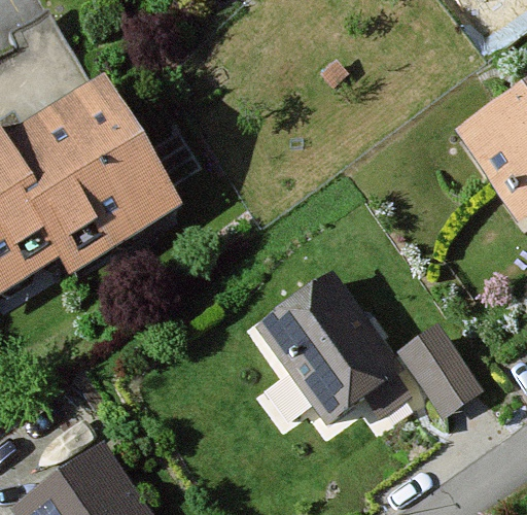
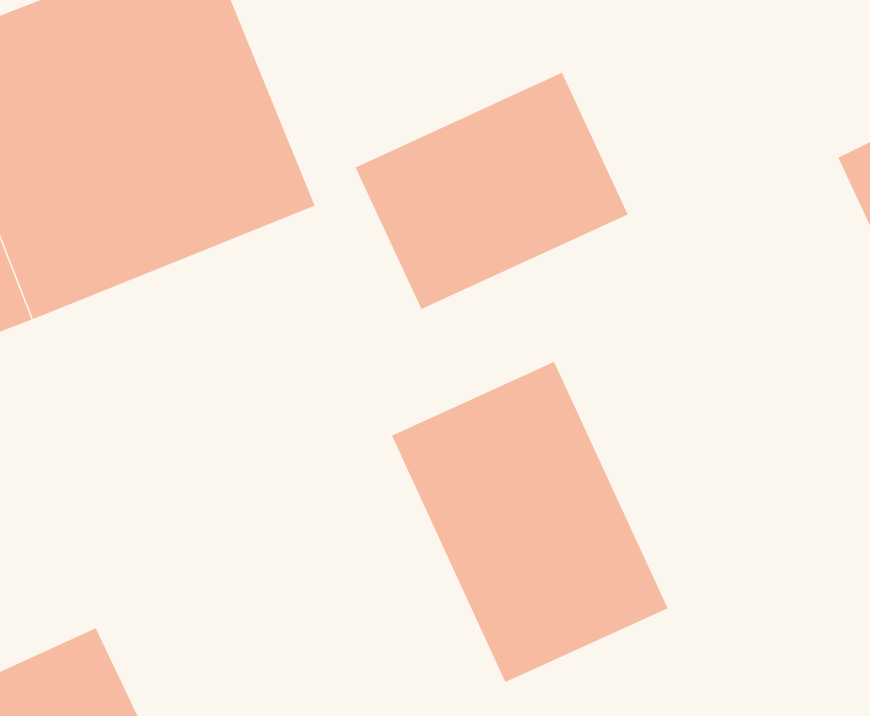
building: none -> [355,72,629,310]
building: [399,322,486,415] -> none

